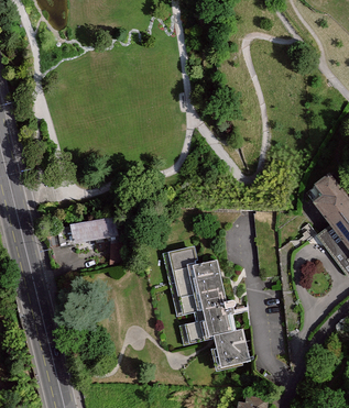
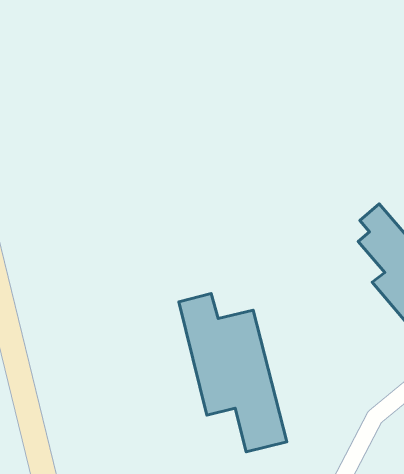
building: [67,214,118,244] -> none

